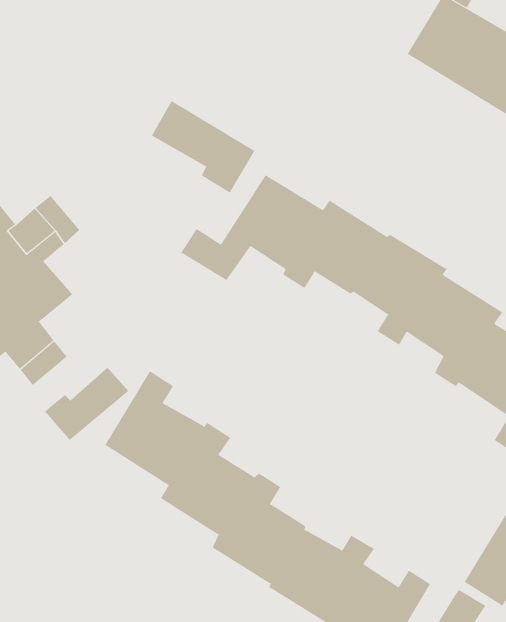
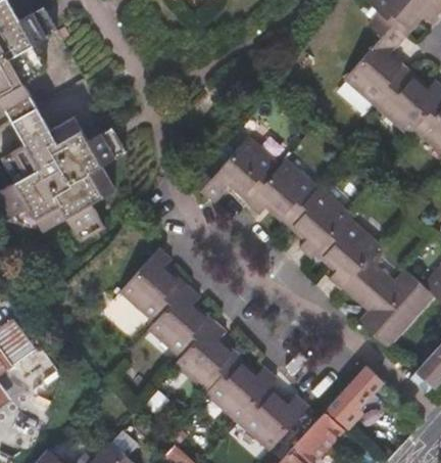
building: [151,100,255,193] -> none
building: [44,367,129,441] -> none

